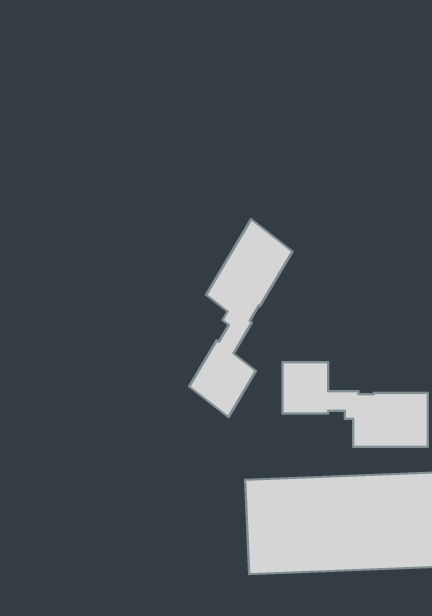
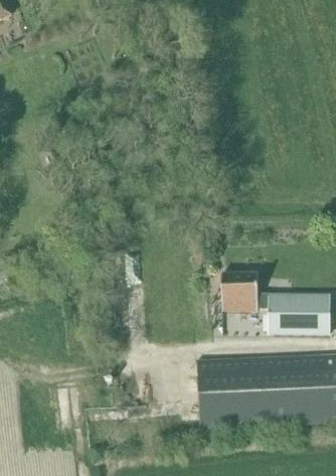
building: [189,219,292,417] -> none

